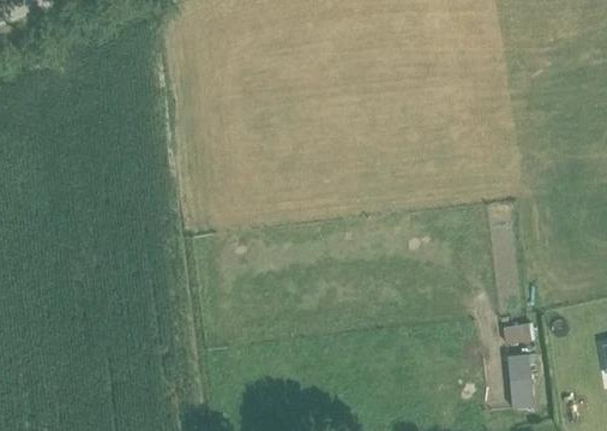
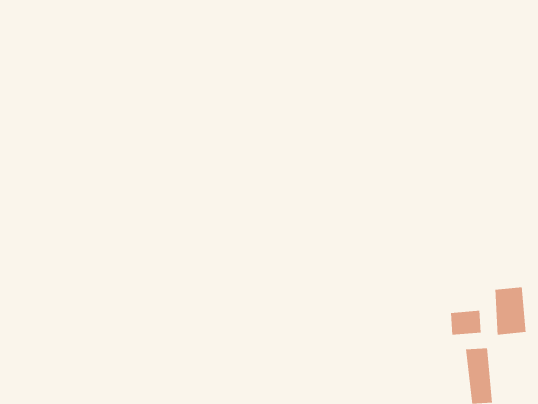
building: none -> [495,286,526,336]

